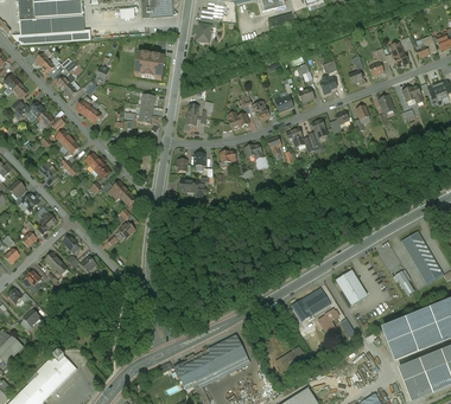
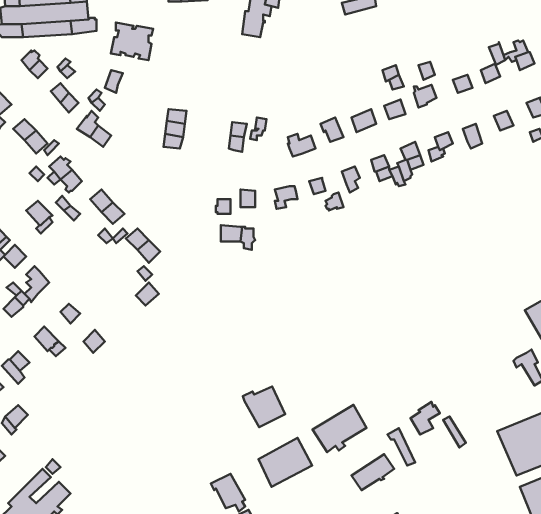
building: [134,52,165,79] -> [111,22,153,60]
building: [336,270,367,304] -> none
building: [291,287,330,321] -> [313,405,367,452]
building: [186,348,217,378] -> [243,386,285,427]

